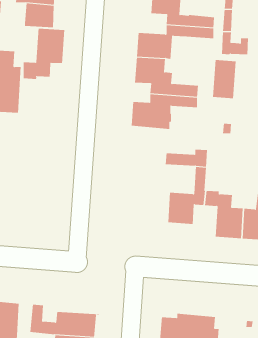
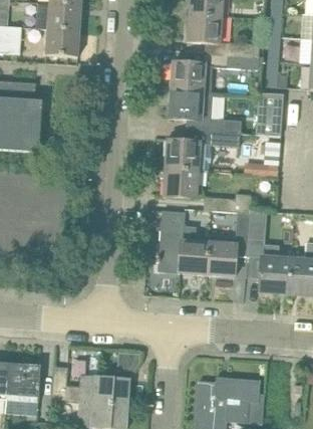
building: [23,28,65,80] -> none
building: none -> [163,167,209,198]
building: none -> [158,211,208,275]

